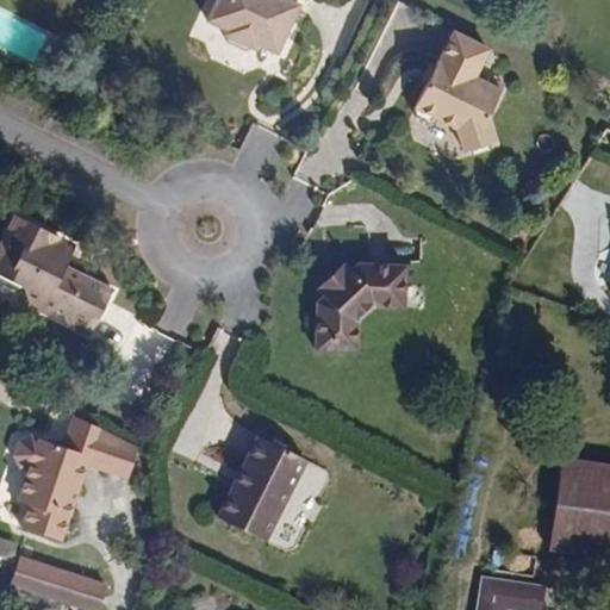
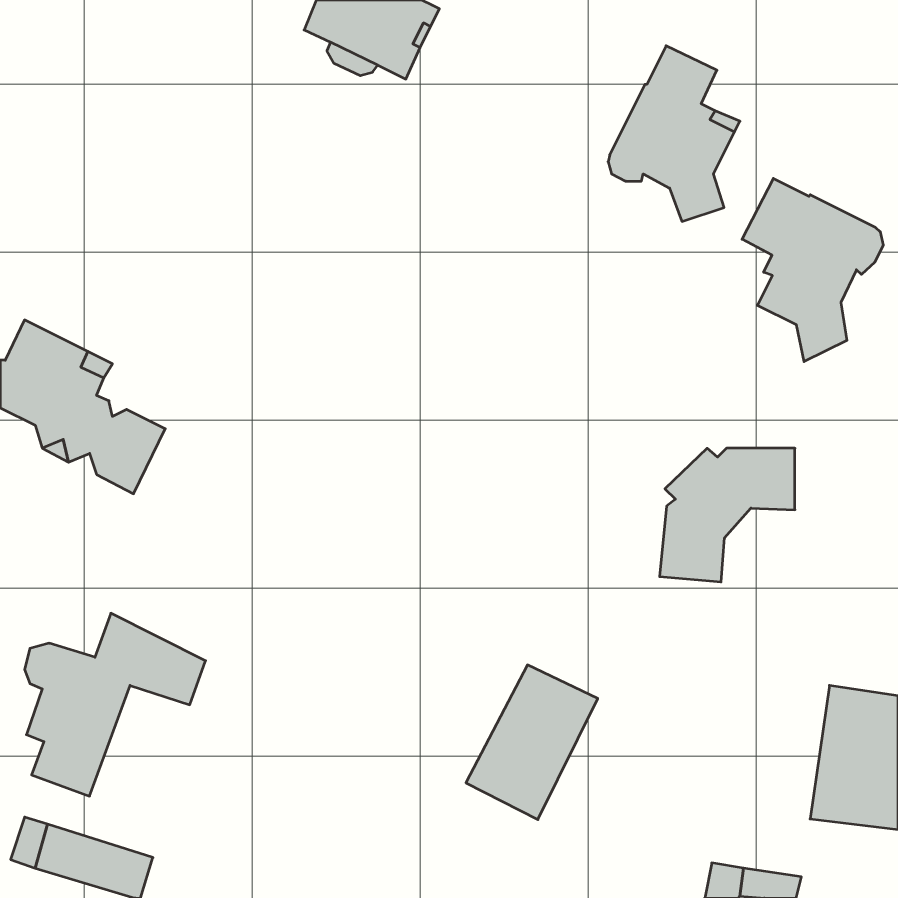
building: none -> [742,178,883,362]
building: [313,262,405,353] -> [660,448,795,582]
building: [217,437,306,542] -> [466,665,598,820]

